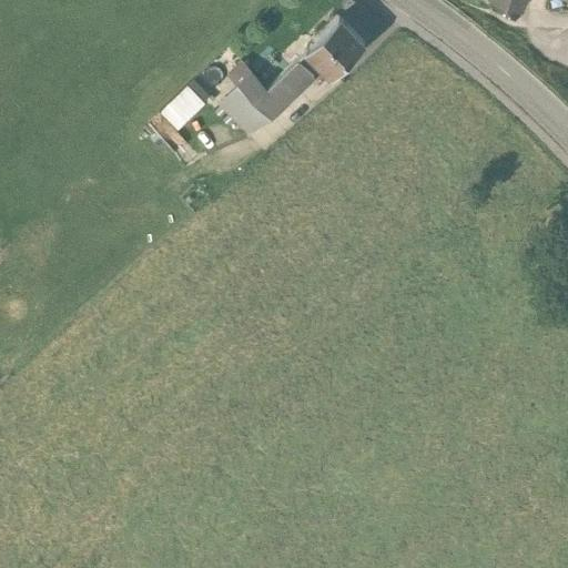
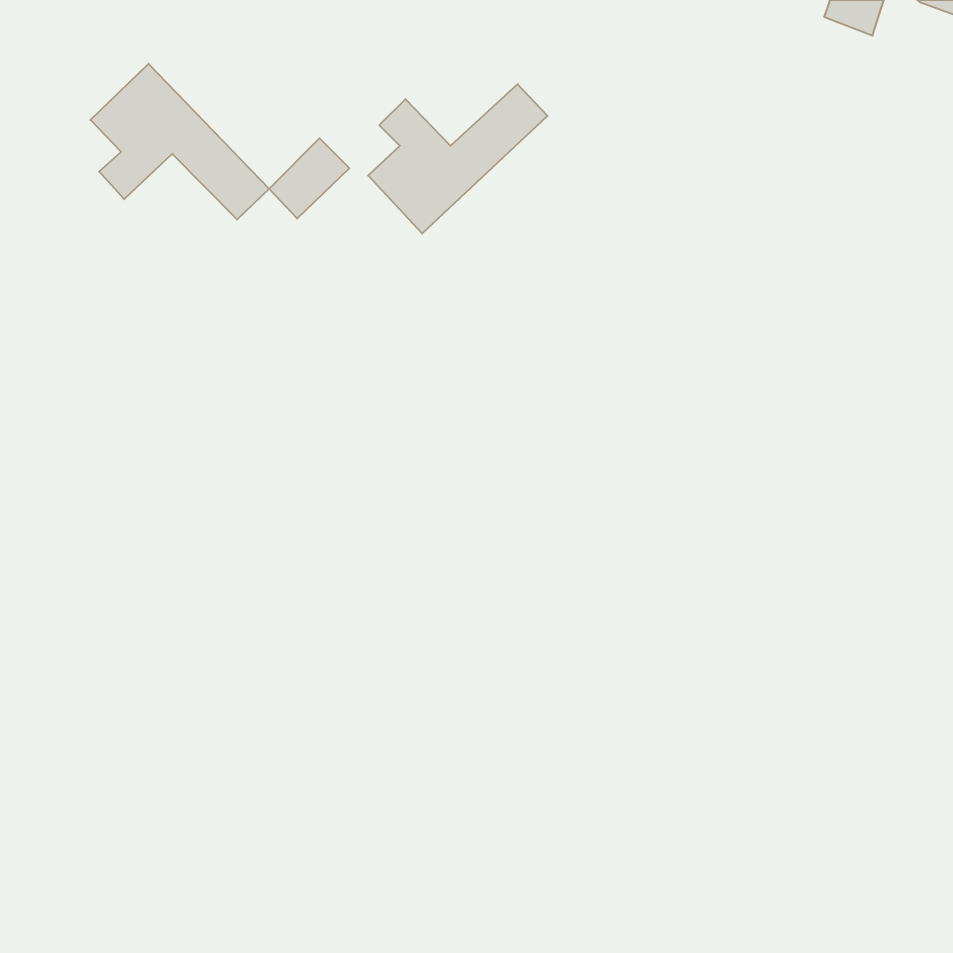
building: [308,18,368,78] -> none
building: none -> [90,64,269,220]

